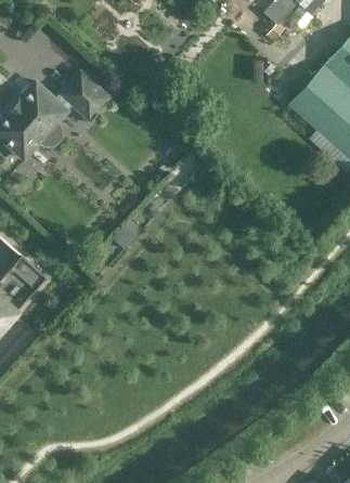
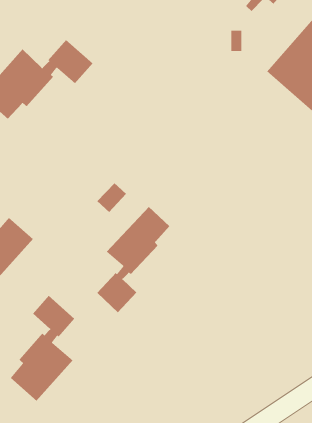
building: none -> [97,206,170,313]
building: none -> [10,295,75,402]

